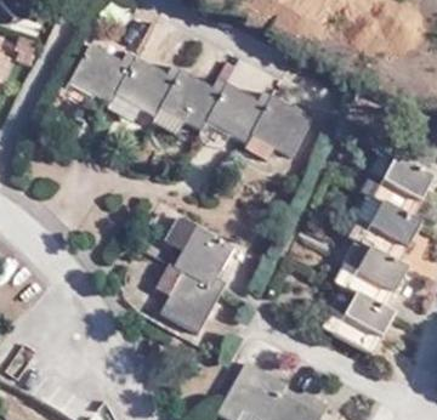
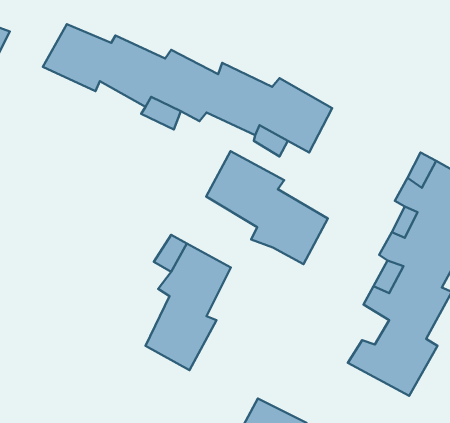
building: none -> [206,151,328,264]

